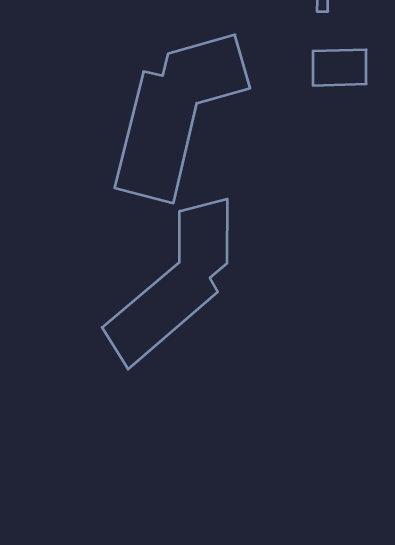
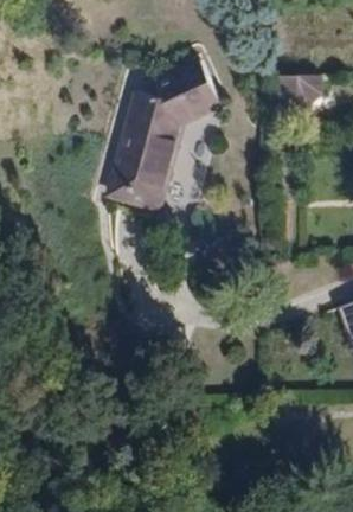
building: [102,199,227,369] -> none

